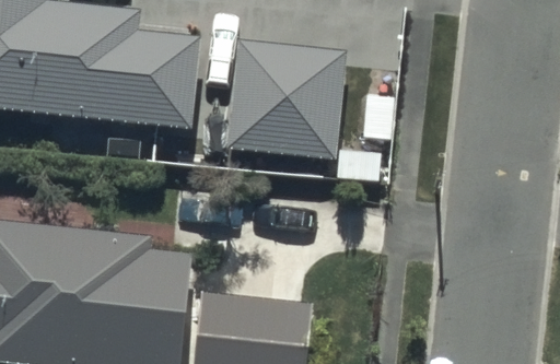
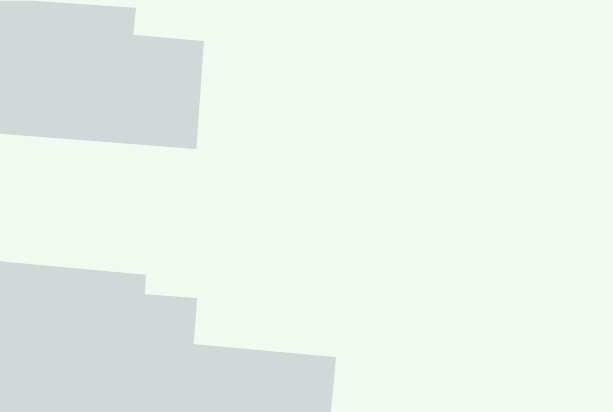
building: [228,43,346,157] -> none

